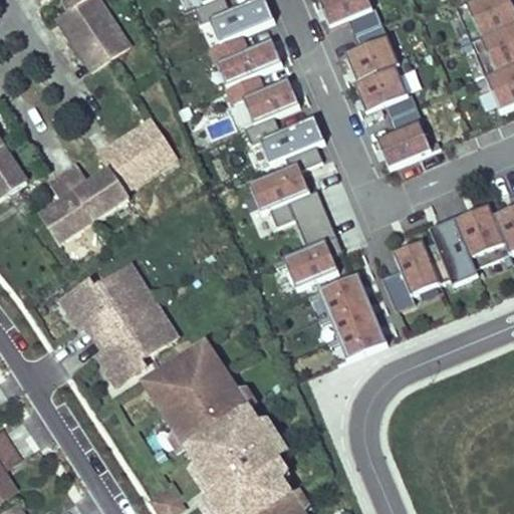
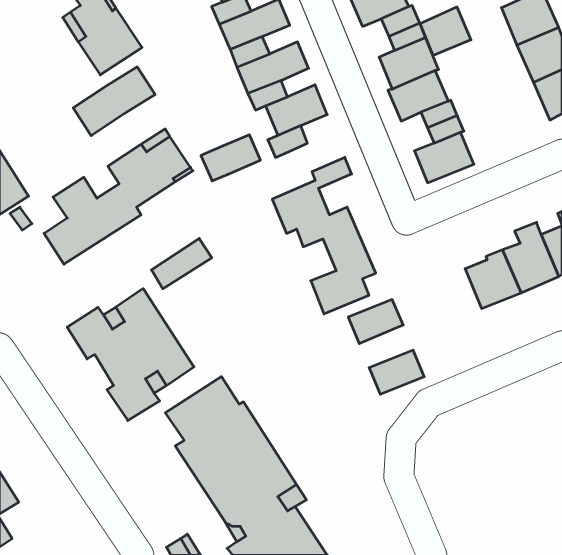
building: none -> [420,7,471,56]
building: none -> [73,67,155,136]
building: [260,120,314,163] -> [201,135,260,181]
building: none -> [151,238,212,289]
building: [380,239,439,308] -> none
building: [327,296,376,335] -> none

